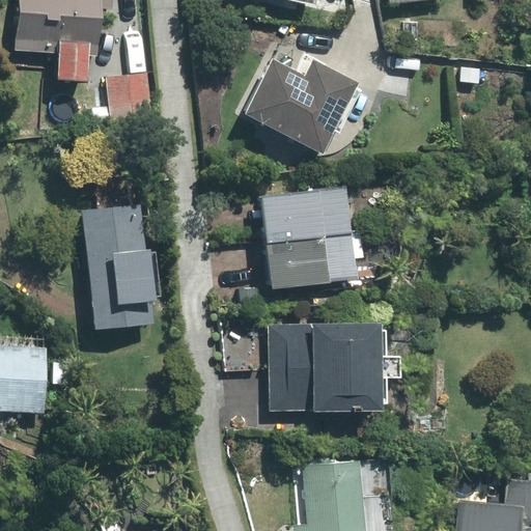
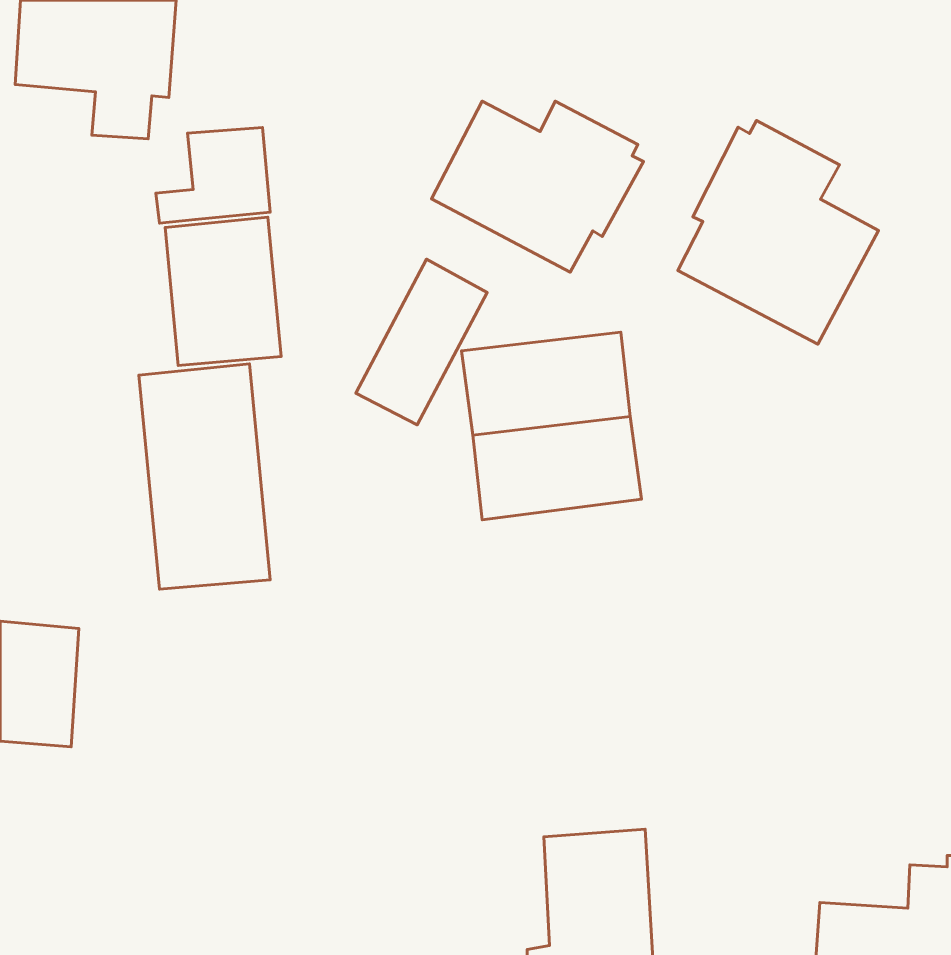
building: none -> [678,121,879,344]
building: none -> [165,217,281,365]
building: none -> [356,259,487,425]
building: [269,323,380,411] -> none

